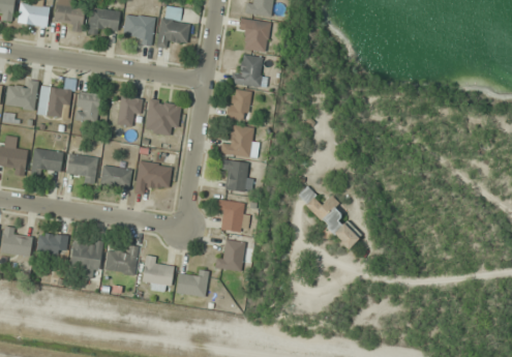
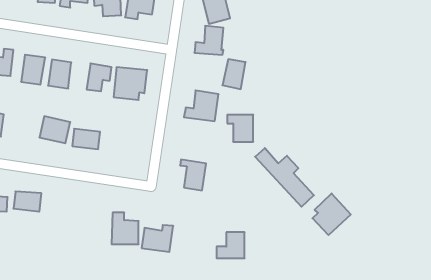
building: [227,89,251,121] -> [222,59,246,89]
building: [31,149,61,175] -> none
building: [134,161,171,194] -> none
building: [221,161,249,190] -> [227,115,253,142]
building: none -> [312,193,351,235]
building: [70,239,101,277] -> none
building: [215,241,245,269] -> [217,232,245,258]
building: [104,245,138,275] -> none

